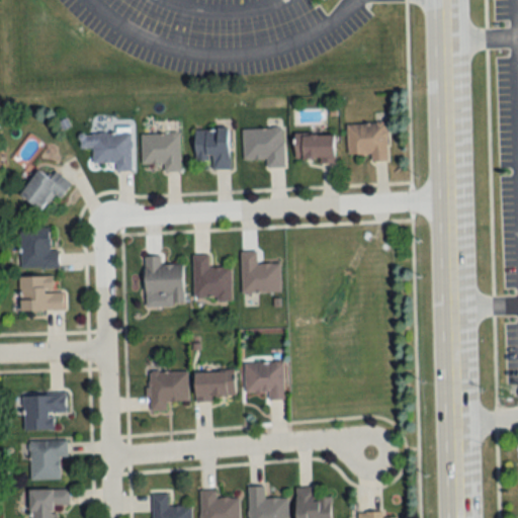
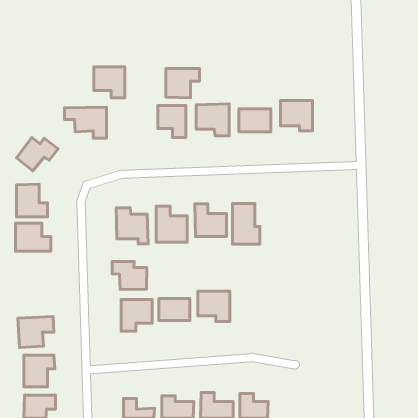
building: none -> [166,69,200,98]
building: [141,134,179,172] -> [94,67,125,98]
building: none -> [233,204,260,244]
building: none -> [112,261,147,289]

